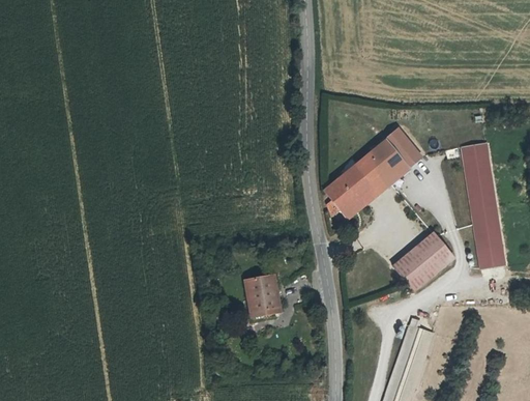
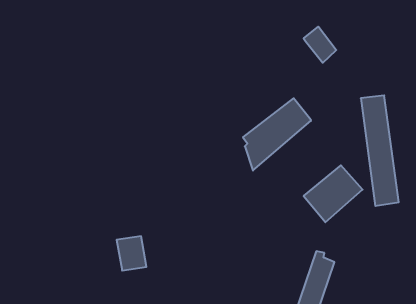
building: [382,130,419,171] -> [304,27,336,63]
building: [245,274,279,313] -> [117,236,146,271]

